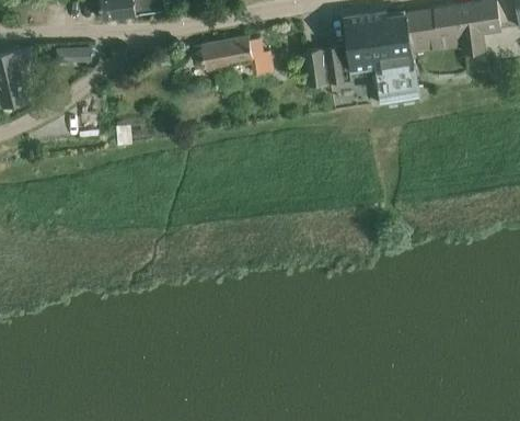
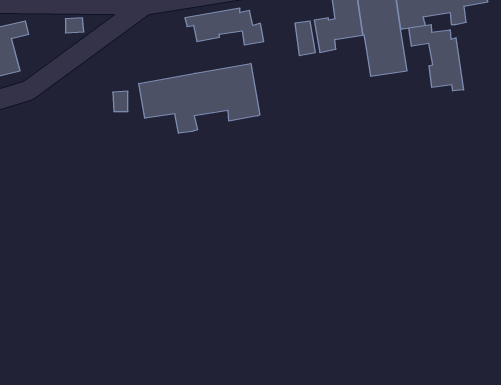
building: none -> [409,25,464,91]
building: none -> [139,63,260,133]

